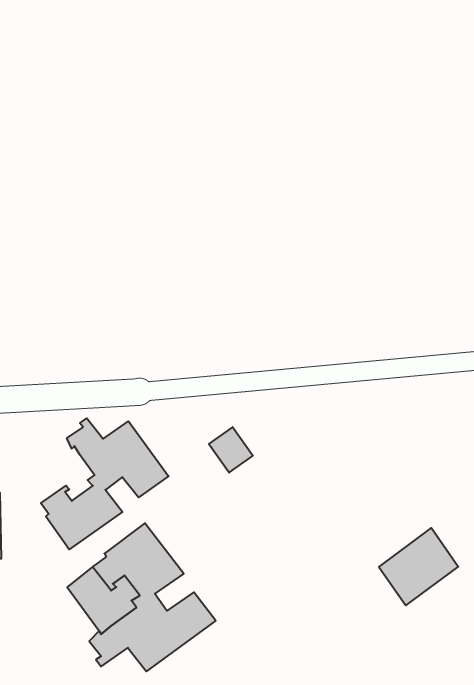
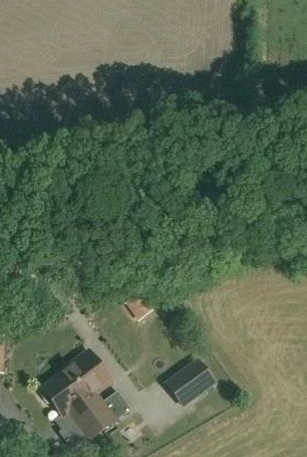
building: [41,418,169,549] -> none
building: [379,528,458,605] -> [167,359,214,405]

